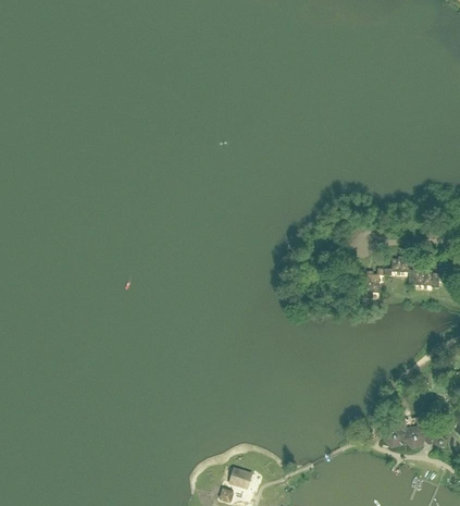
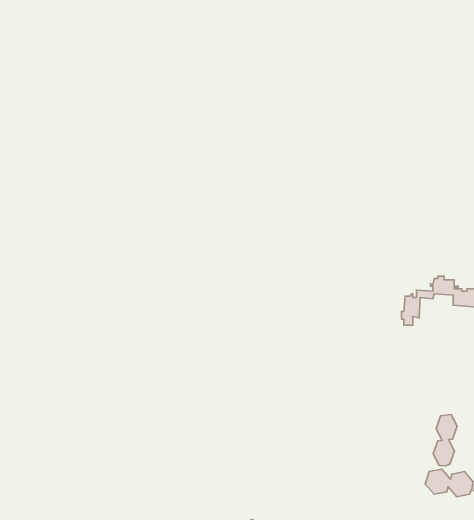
building: none -> [433,414,457,466]

